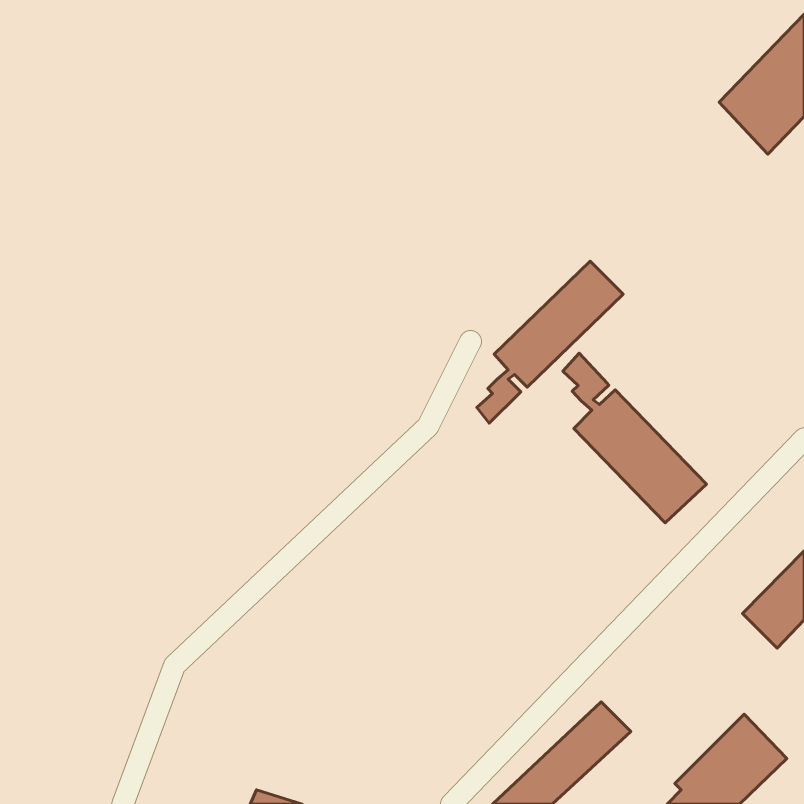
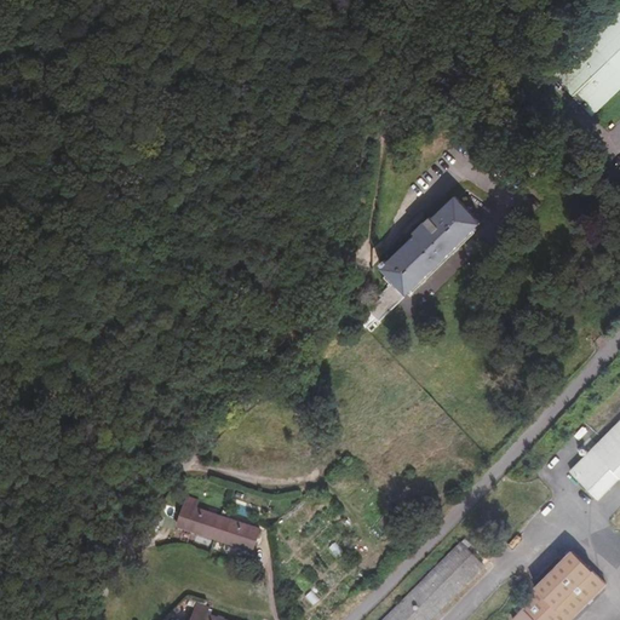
building: [563,353,706,523] -> none
building: none -> [176,503,259,549]

